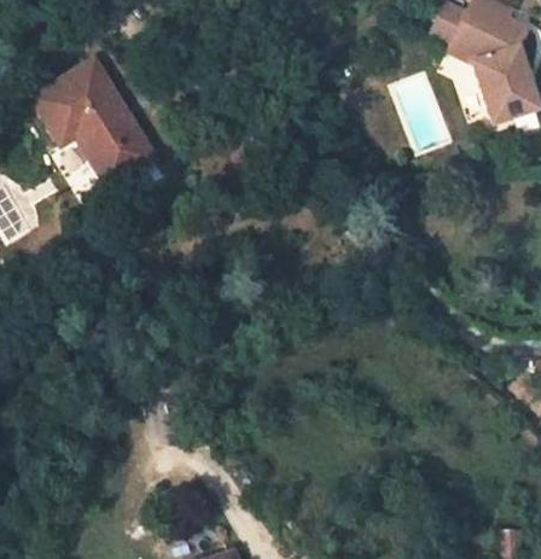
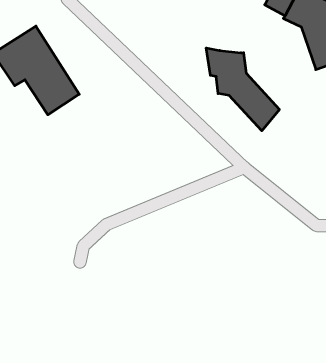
building: none -> [206,48,279,131]

